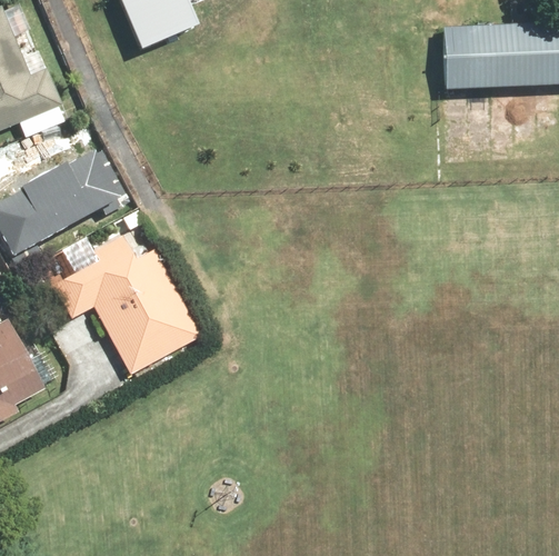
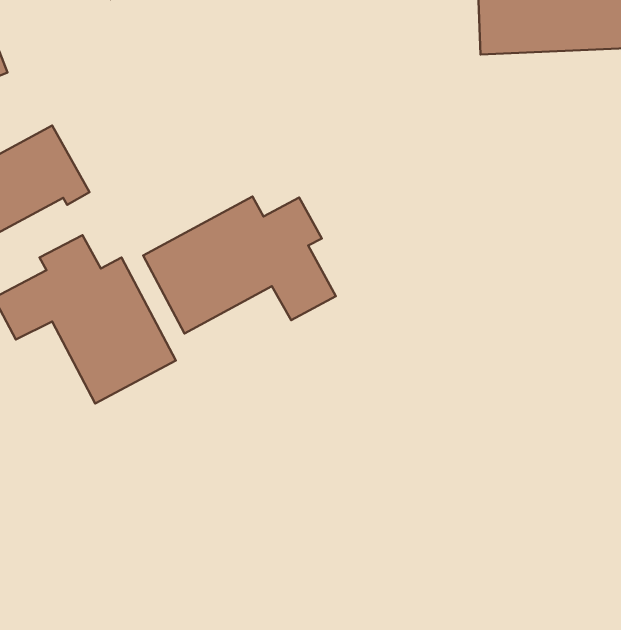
building: none -> [143,196,336,333]

